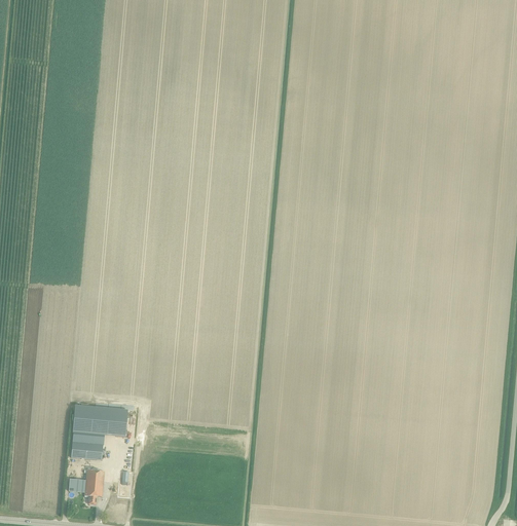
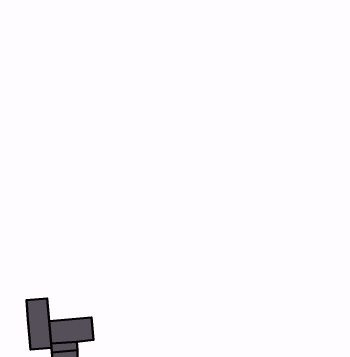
building: none -> [27,298,51,350]

